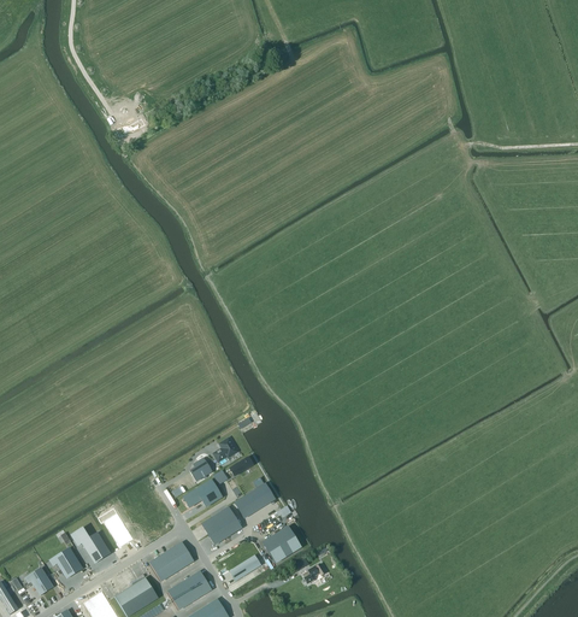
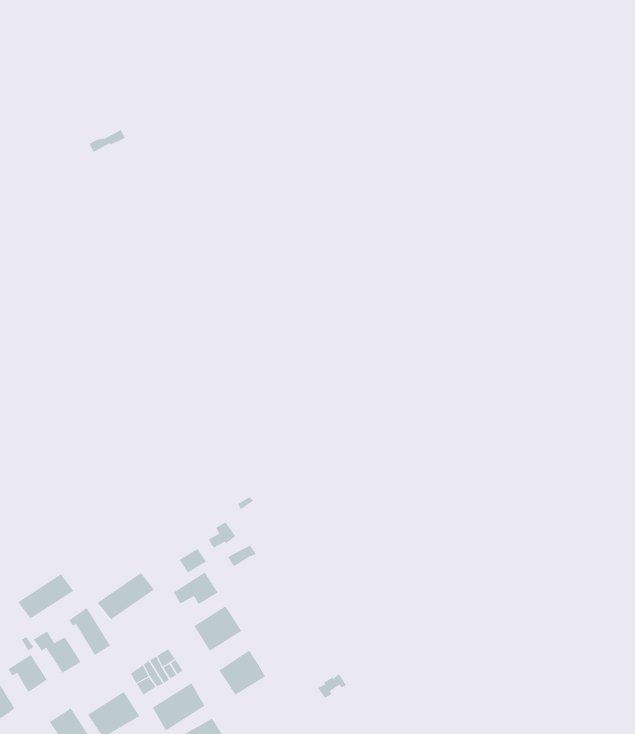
building: none -> [97,572,155,620]
building: none -> [18,574,74,619]
building: [234,483,275,518] -> none
building: [261,525,300,563] -> none

